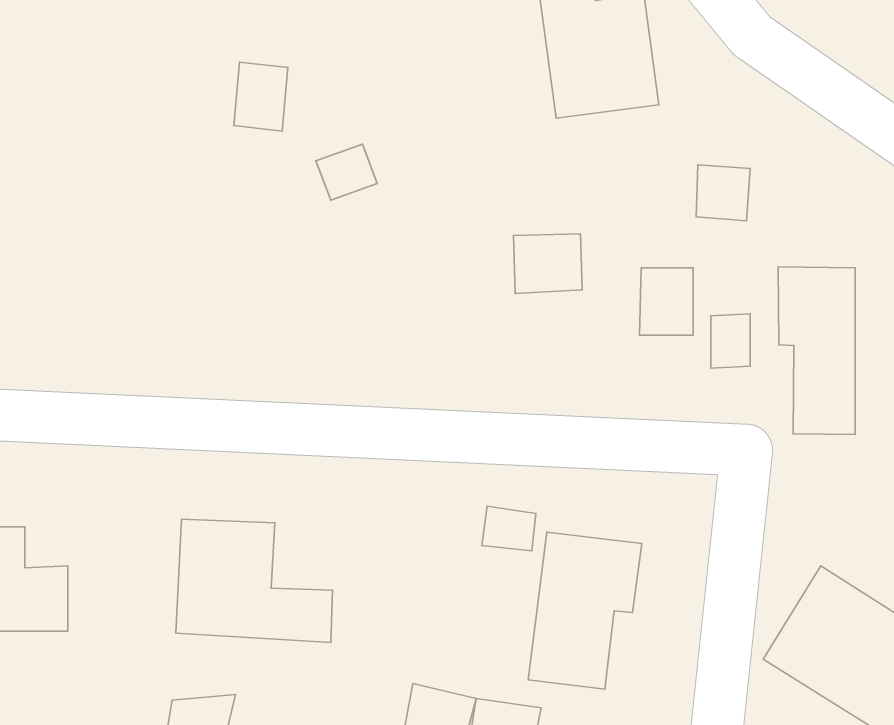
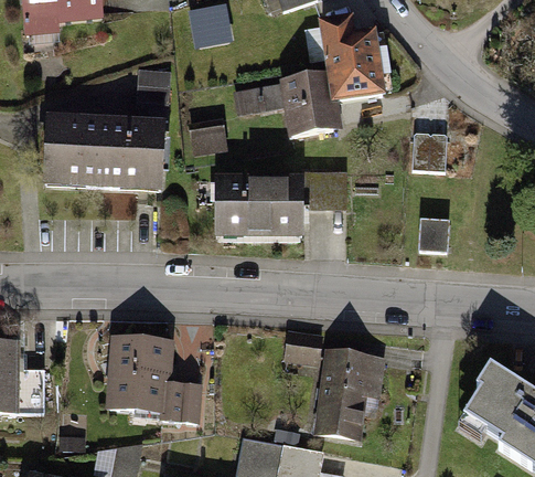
building: none -> [236,74,330,135]
building: none -> [47,127,165,186]
building: none -> [216,182,300,235]
building: [778,267,855,434] -> none
building: [639,268,693,335] -> none

